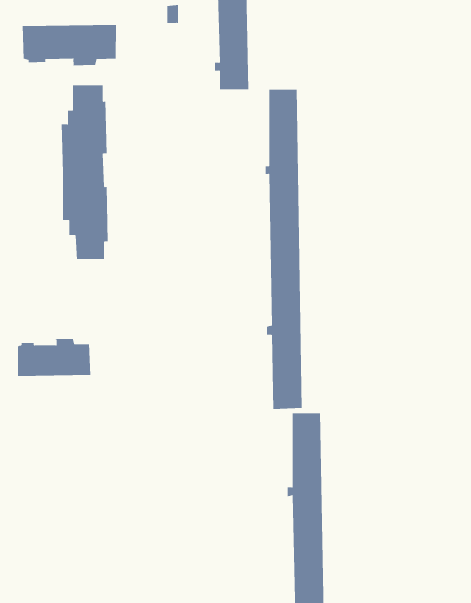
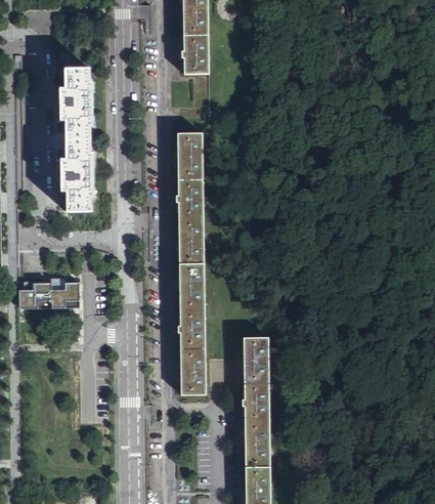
building: [22,24,117,66] -> none
building: [265,89,302,409] -> [175,133,206,394]

